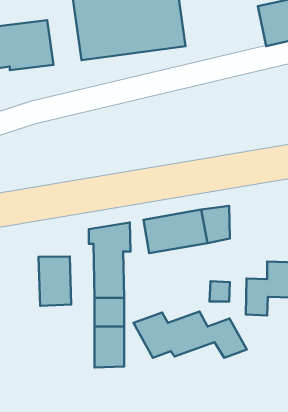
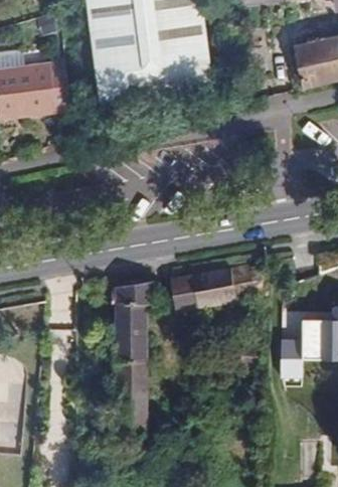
building: [39,256,71,306] -> none
building: [133,311,247,358] -> none

